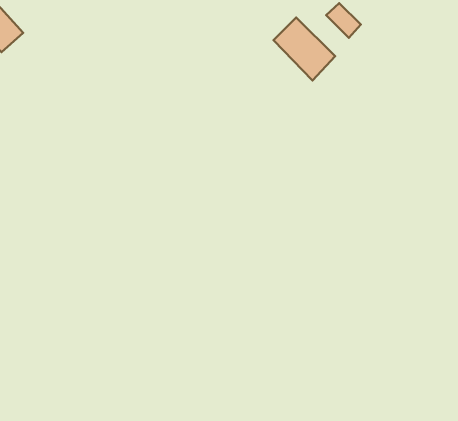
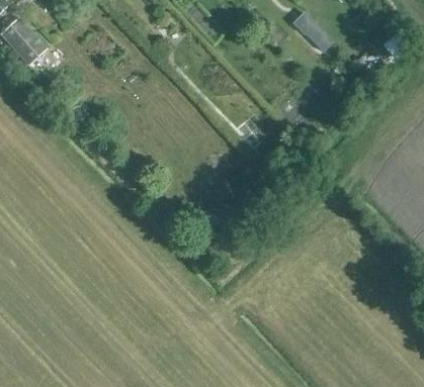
building: [274,17,335,80] -> none

